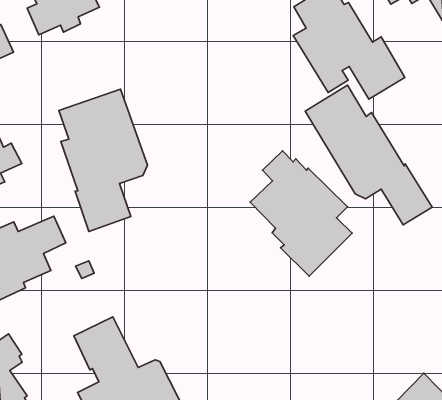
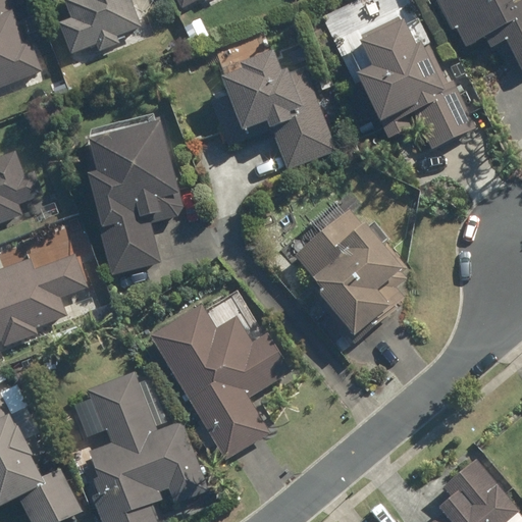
building: none -> [210,48,337,171]
building: [305,85,432,225] -> none
building: none -> [149,304,291,457]

